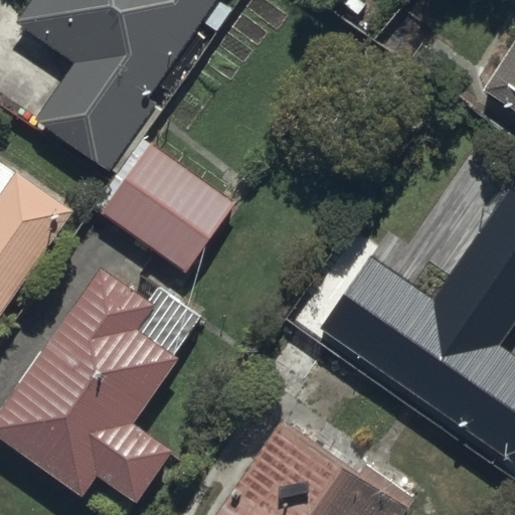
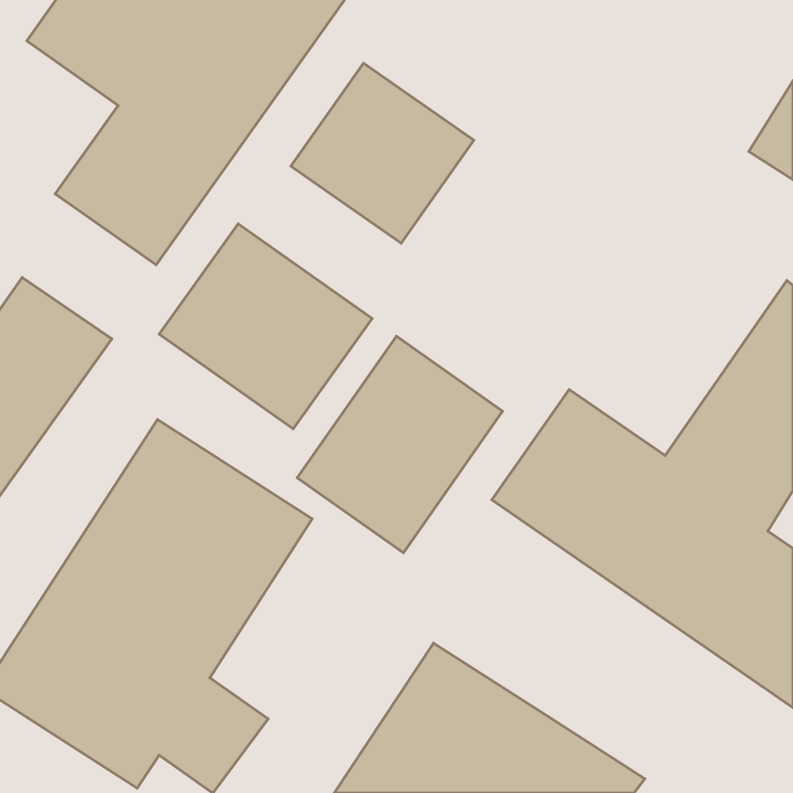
building: none -> [291,63,474,243]
building: none -> [297,336,503,553]

